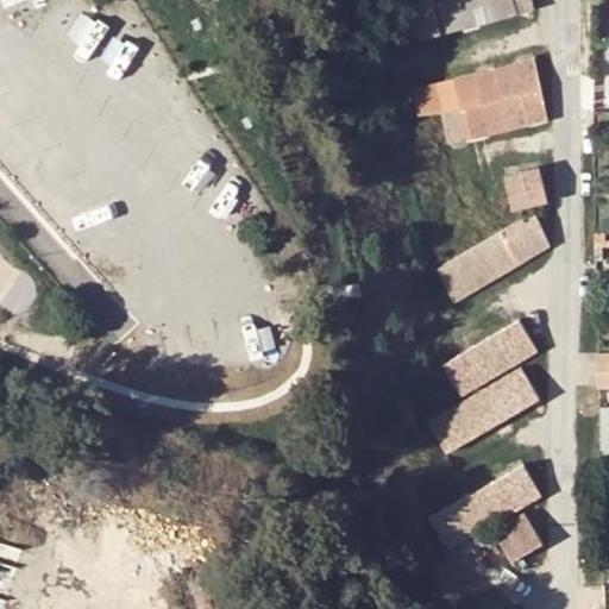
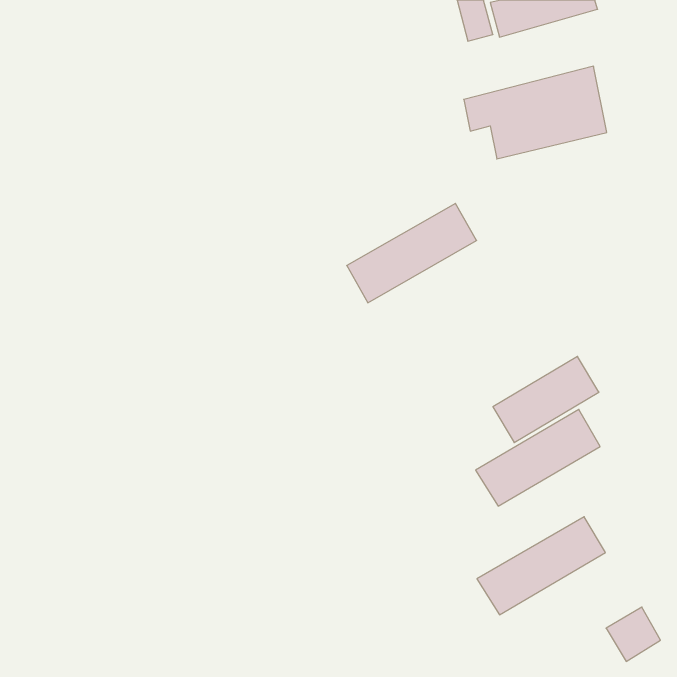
building: [504,168,547,212] -> none
building: [435,214,552,303] -> [347,203,477,303]
building: [492,511,541,560] -> [606,607,660,661]

